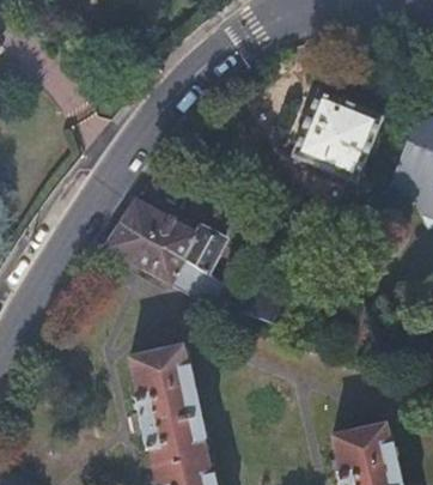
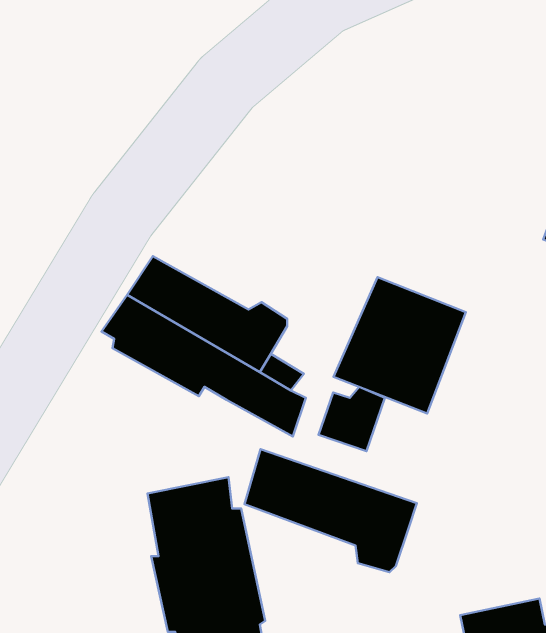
building: [292,93,378,182] -> [333,277,466,414]
building: none -> [244,449,417,572]

